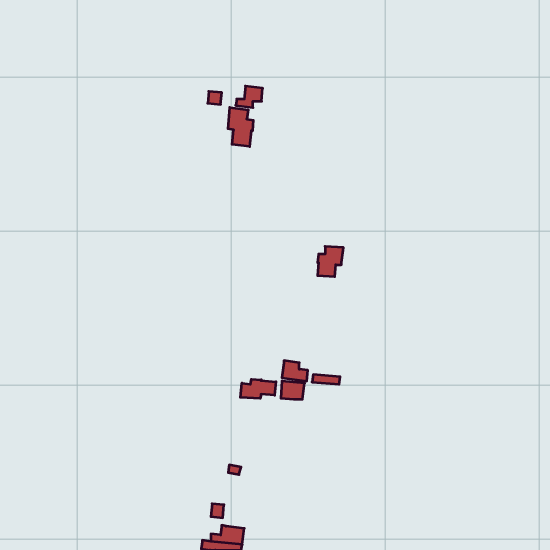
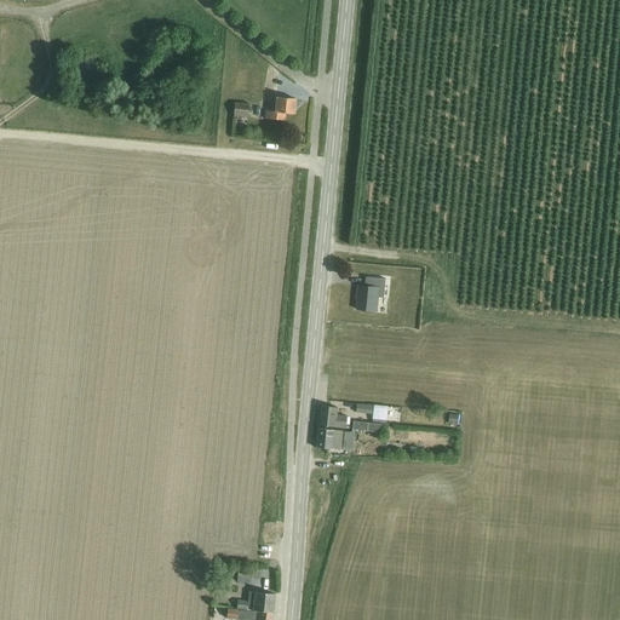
building: [228,107,253,147] -> none
building: [240,379,276,398] -> none

